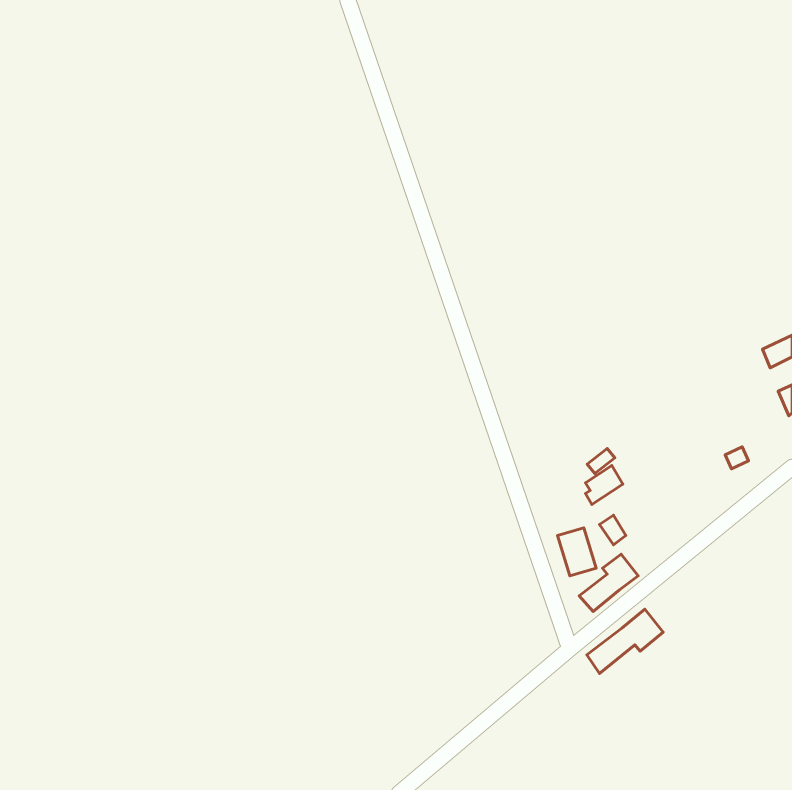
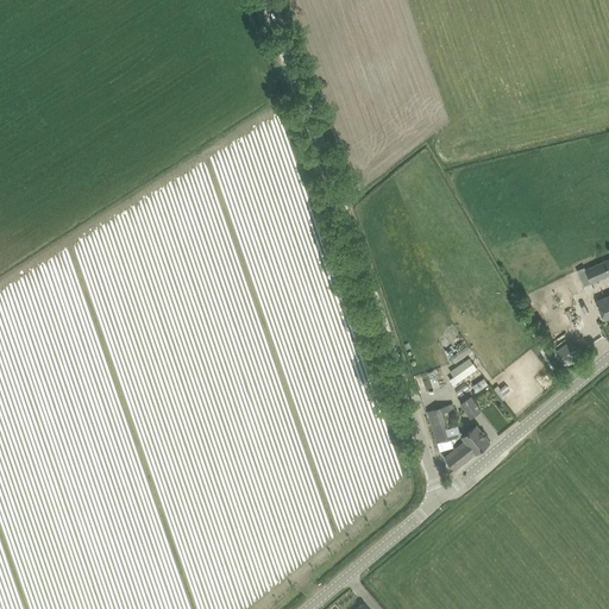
building: [587,609,663,673] -> none

